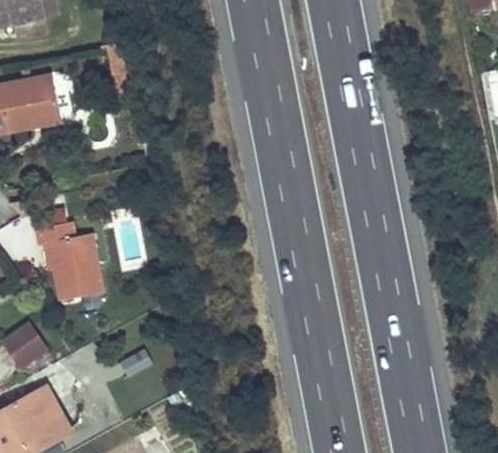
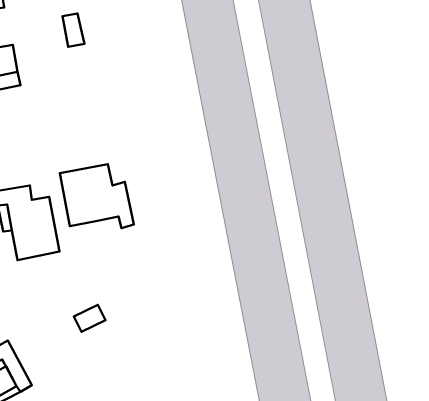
building: none -> [60,164,134,228]

